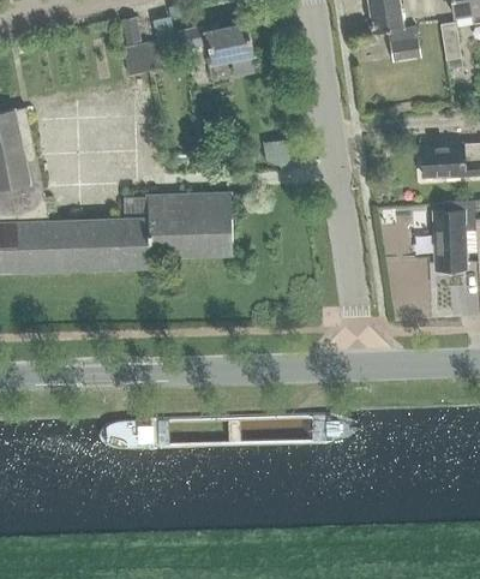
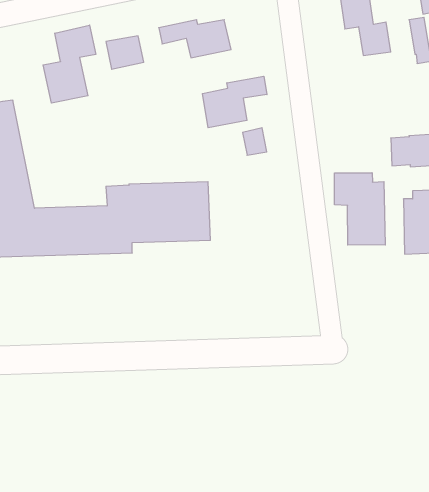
building: none -> [43,25,96,103]
building: none -> [202,76,267,128]
building: none -> [335,173,385,245]

